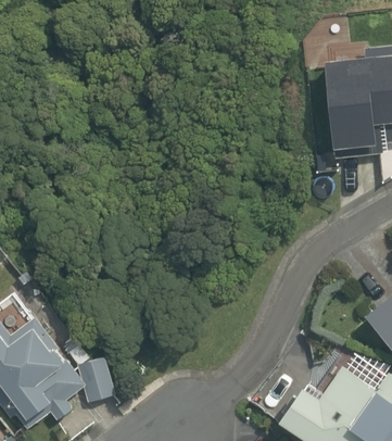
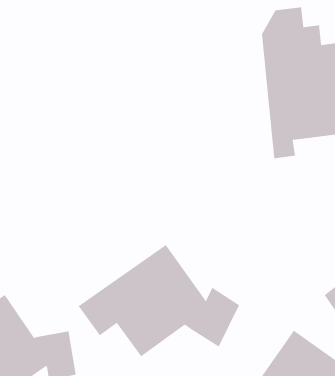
building: none -> [78,244,240,357]

